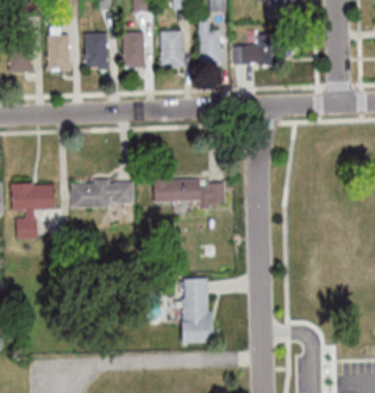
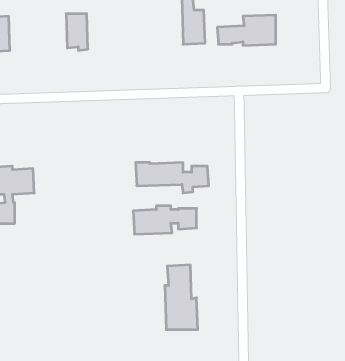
building: [48,27,69,70] -> none
building: [161,30,183,66] -> none
building: [124,32,145,66] -> none
building: [71,180,133,207] -> [133,206,197,234]

